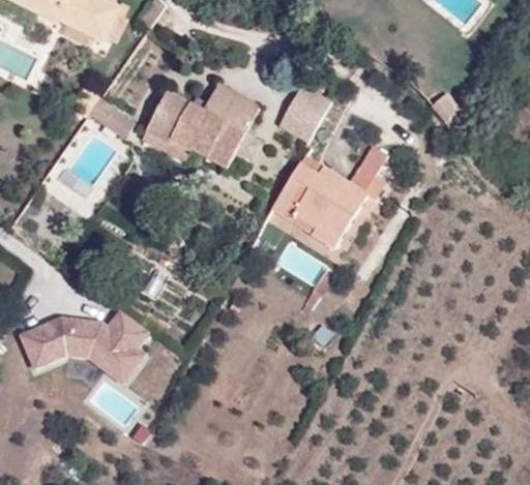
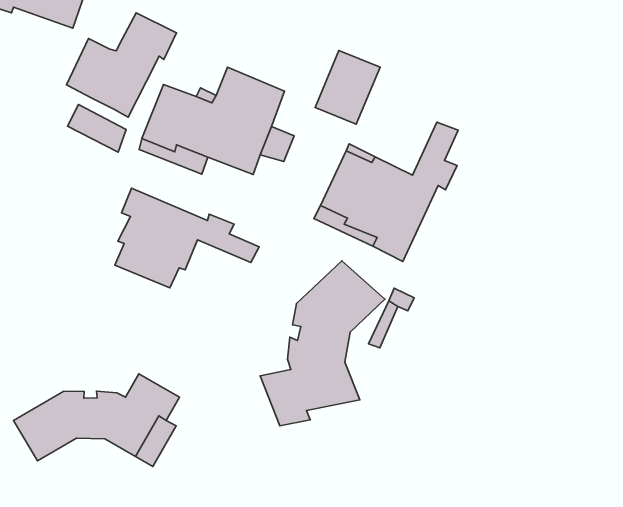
building: none -> [66,13,177,117]
building: none -> [115,188,259,288]
building: none -> [260,261,385,426]

